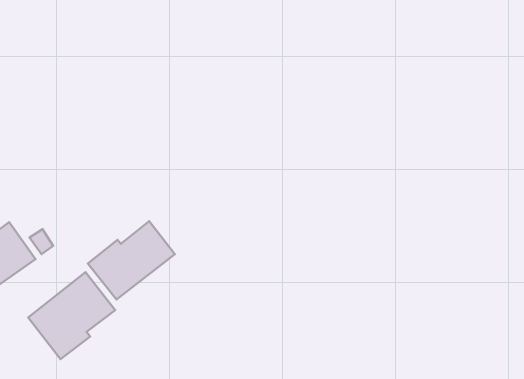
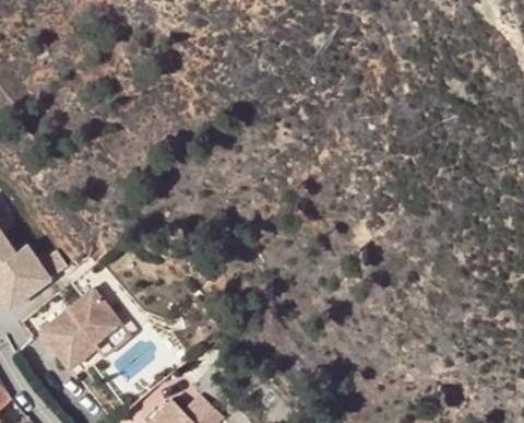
building: [88,221,175,300] -> none

